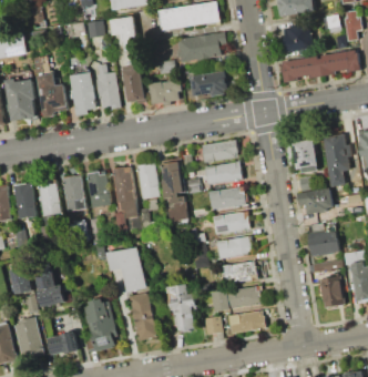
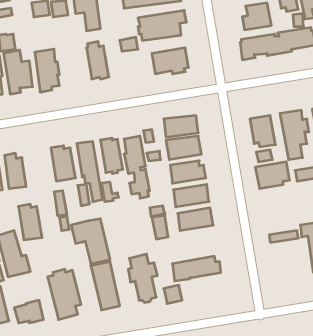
building: [96,63,121,108] -> none
building: [149,78,183,106] -> none
building: [62,174,86,211] -> [18,204,42,240]
building: [307,224,339,256] -> none
building: [221,261,257,284] -> none
building: [319,275,344,307] -> none
building: [229,309,265,333] -> none

